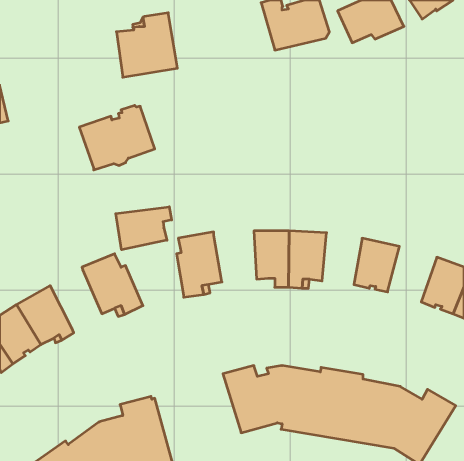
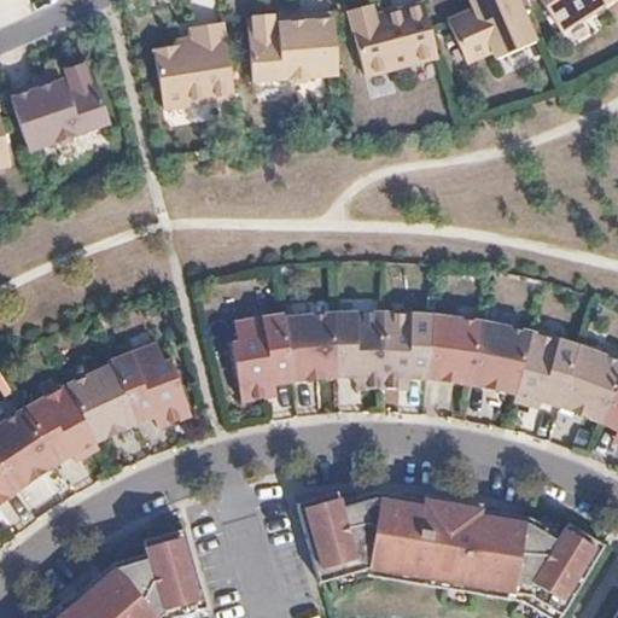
building: none -> [247,13,338,82]
building: [79,105,155,170] -> [10,63,110,148]
building: [116,207,172,250] -> none
building: none -> [284,311,340,379]
building: none -> [427,314,480,383]
building: none -> [513,332,579,406]
building: none -> [66,363,135,441]

